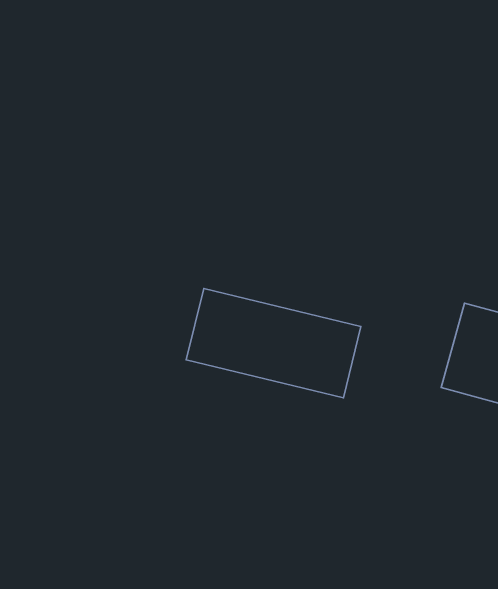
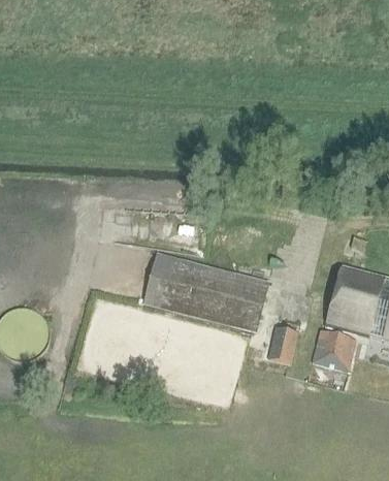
building: none -> [267,326,295,362]
building: none -> [311,328,357,371]

